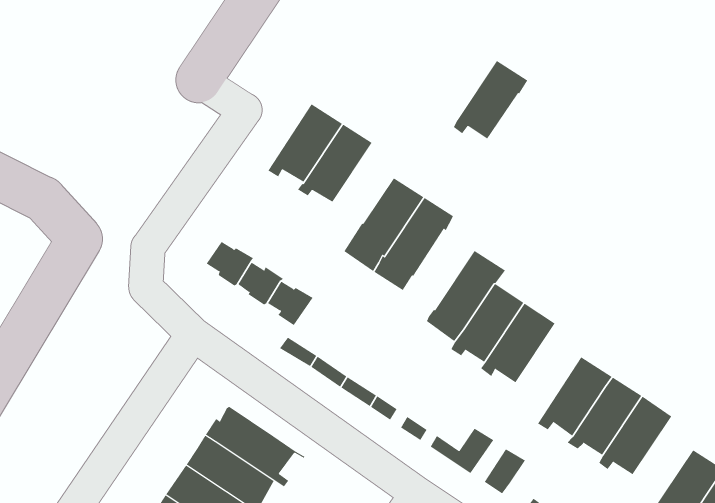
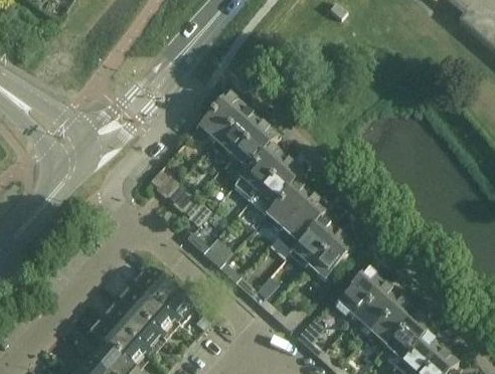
building: [453,60,528,141] -> [228,124,278,171]
building: none -> [263,182,312,229]
building: none -> [383,315,433,361]

